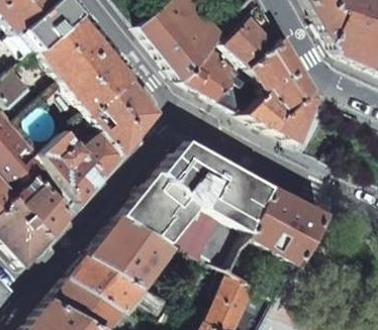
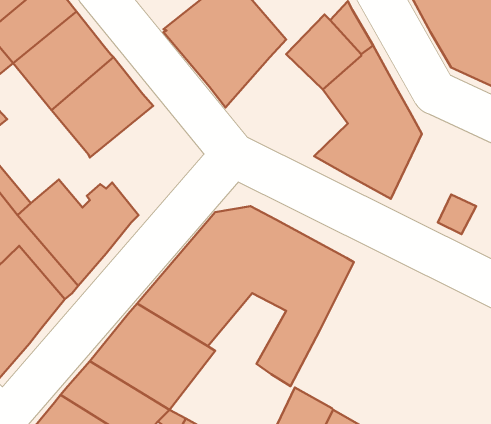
building: [183,47,259,113] -> none
building: [90,81,159,155] -> none
building: [248,188,326,264] -> none
building: [171,209,224,259] -> none

